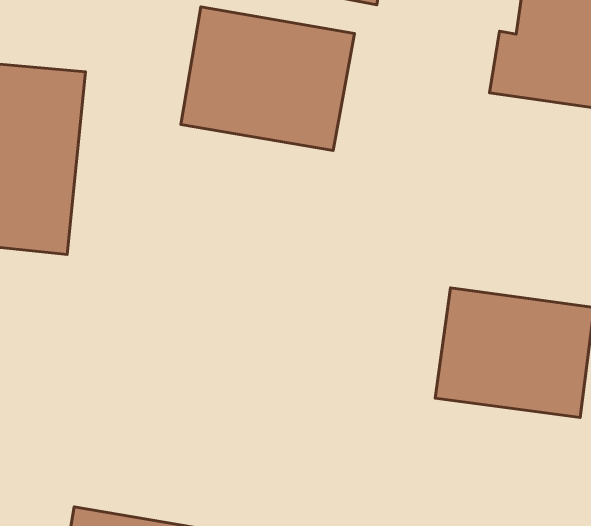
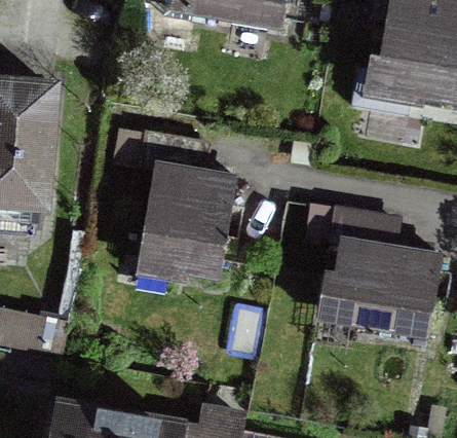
building: [181,7,354,151] -> none
building: none -> [132,167,235,288]

